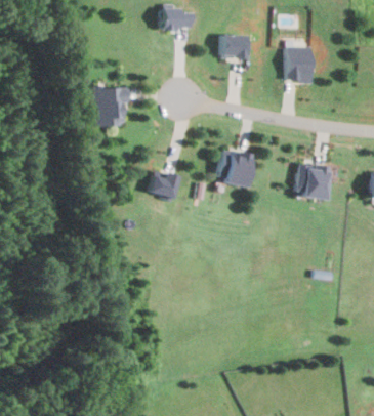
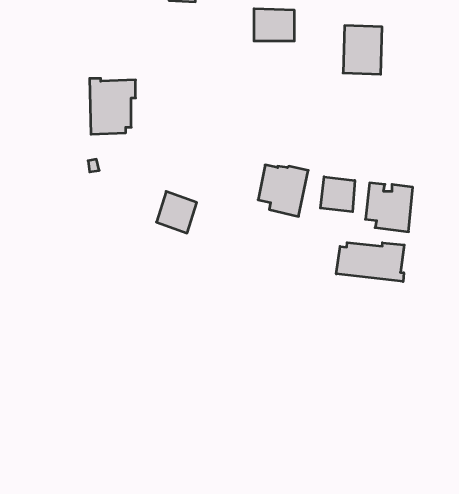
building: none -> [320,177,355,212]
building: none -> [336,243,404,282]

